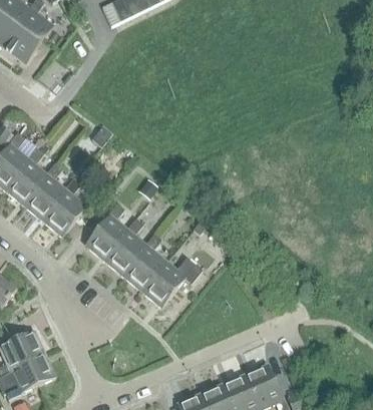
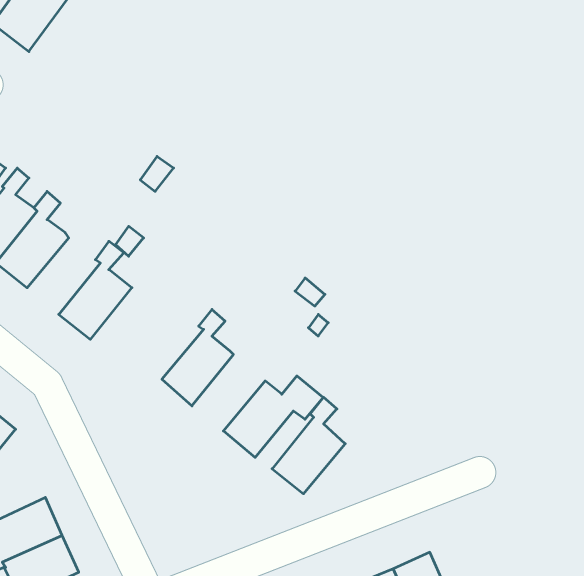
building: [23,161,67,221] -> none
building: [85,202,129,260] -> none
building: [122,233,166,291] -> [272,397,345,494]

